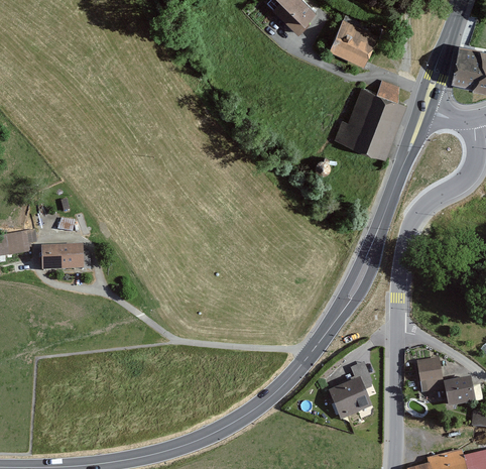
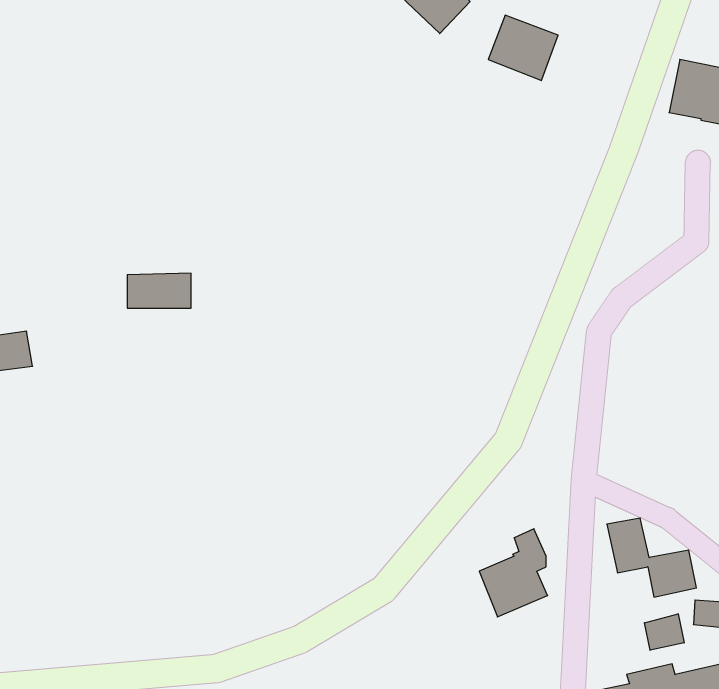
building: [340,80,408,157] -> none
building: [42,245,85,268] -> [127,273,191,308]
building: none -> [644,614,684,650]

